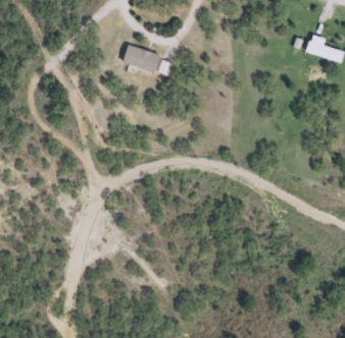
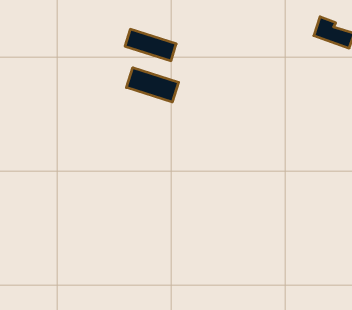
building: none -> [126,68,179,102]

